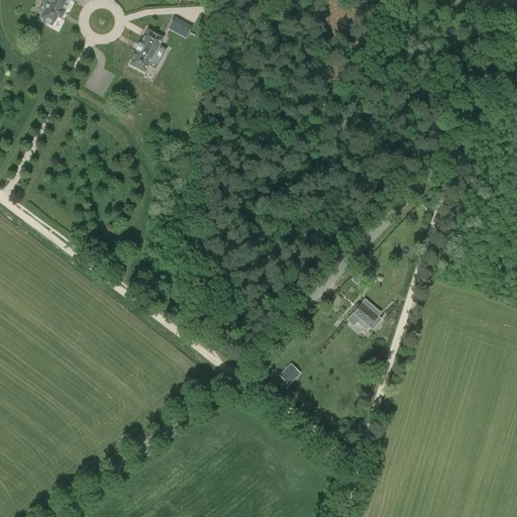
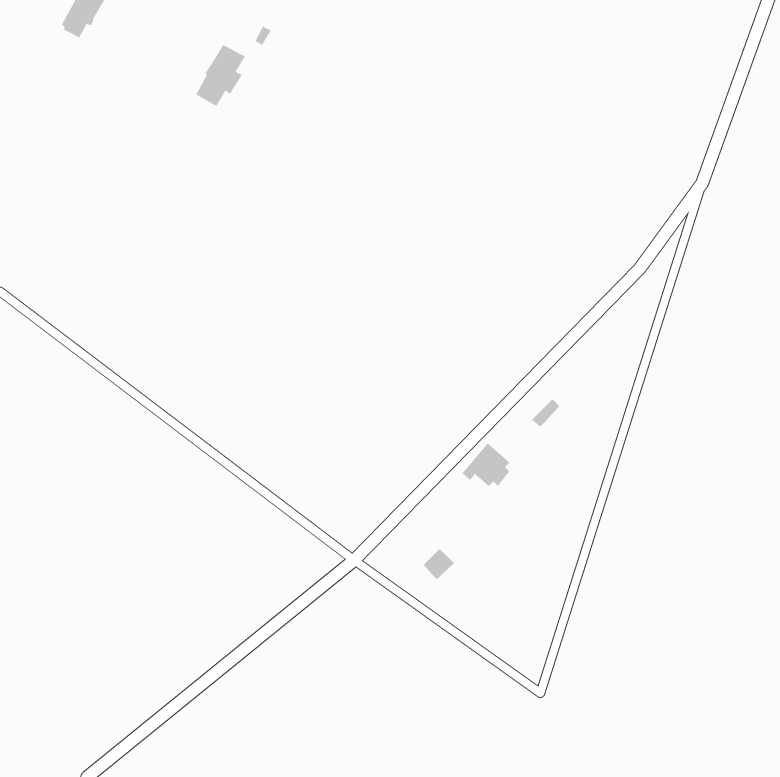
building: [348,299,381,328] -> [461,443,510,487]

